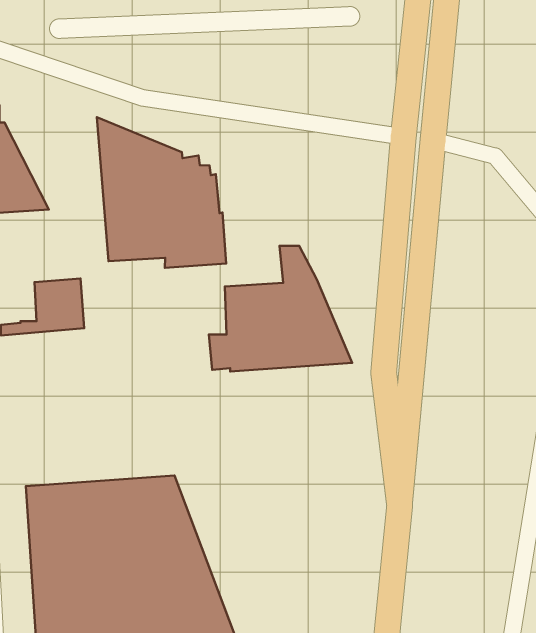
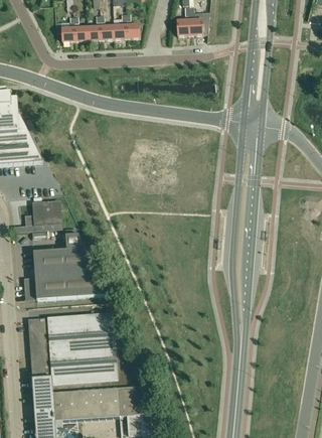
building: [97,117,226,268] -> none
building: [209,246,352,372] -> [24,228,106,299]

